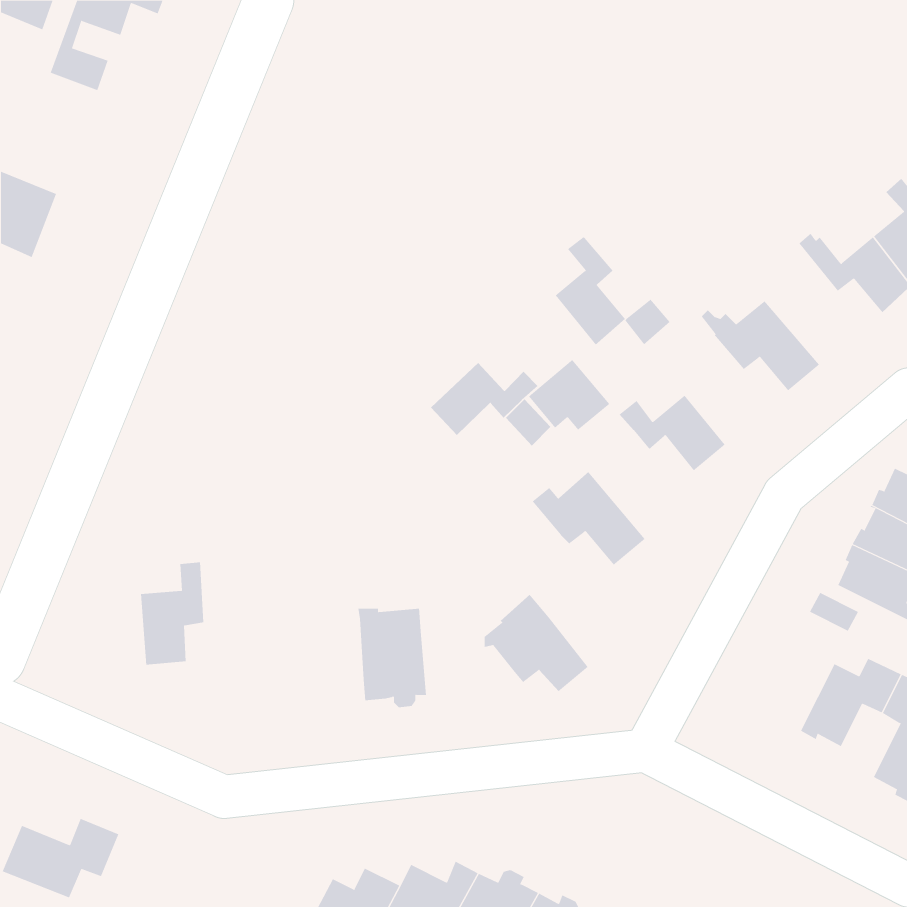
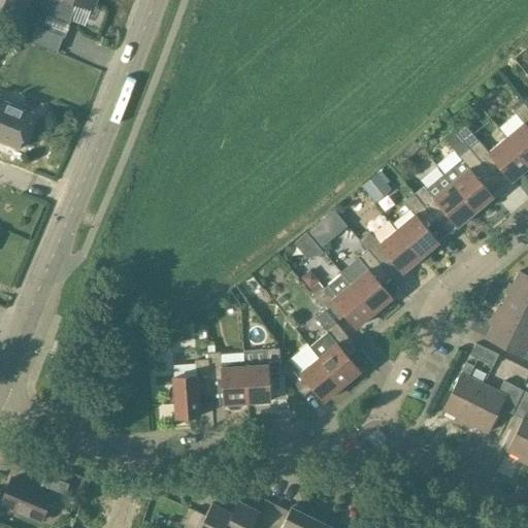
building: none -> [444,134,494,212]
building: [555,235,626,345] -> [398,195,439,259]
building: [430,362,539,436] -> none
building: none -> [352,251,393,314]
building: none -> [311,311,361,388]
building: [140,562,204,665] -> [174,360,211,420]
building: none -> [245,350,283,404]
building: none -> [443,364,485,425]

